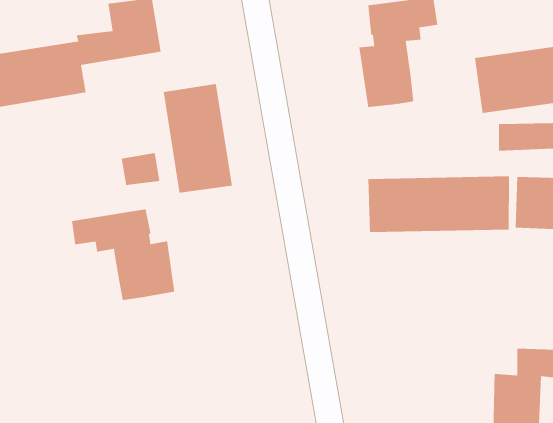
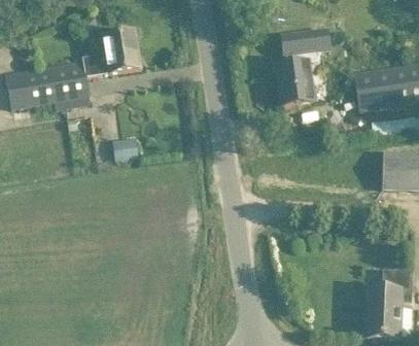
building: [163,83,232,194] -> none
building: [368,175,509,233] -> none
building: [71,209,175,301] -> none

